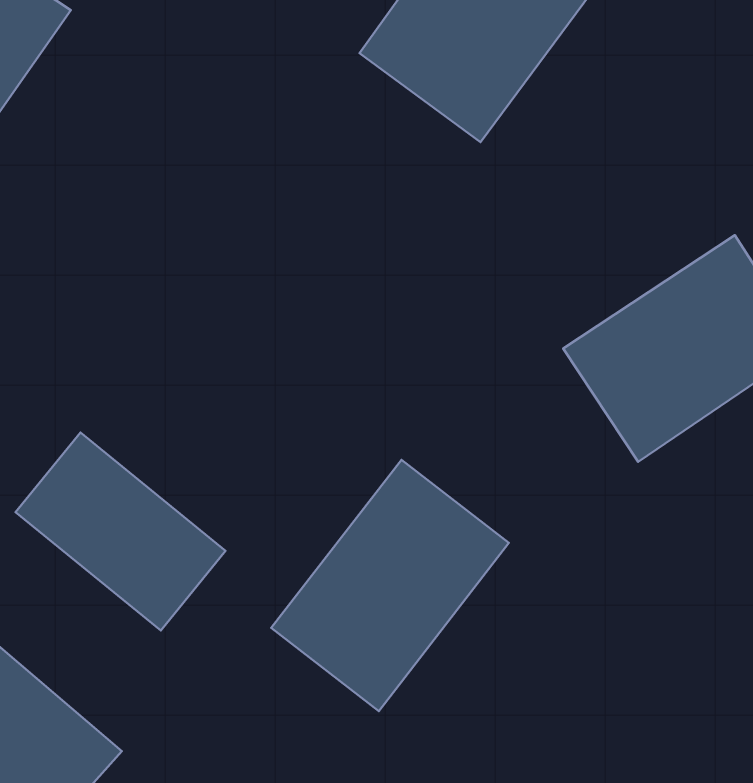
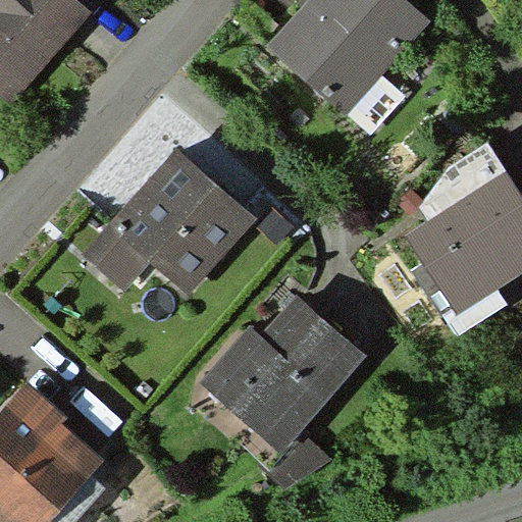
building: none -> [111,146,253,288]
building: [16,433,226,631] -> none

